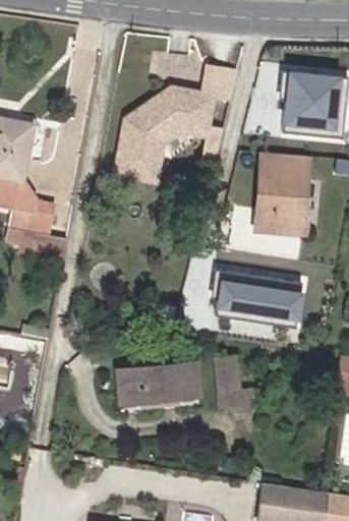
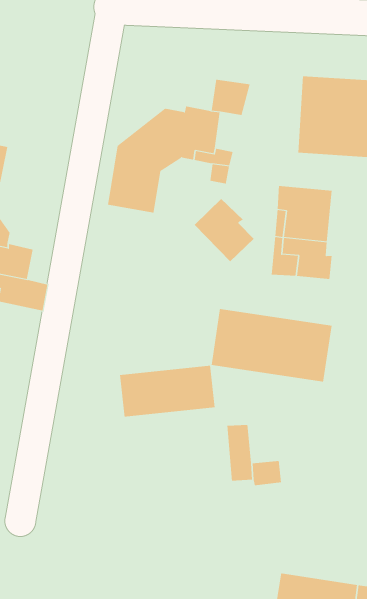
building: none -> [194,198,255,262]
building: [118,362,199,406] -> [119,365,216,417]

